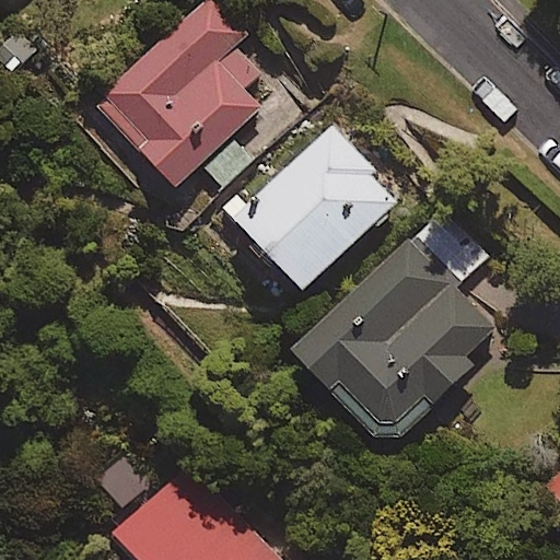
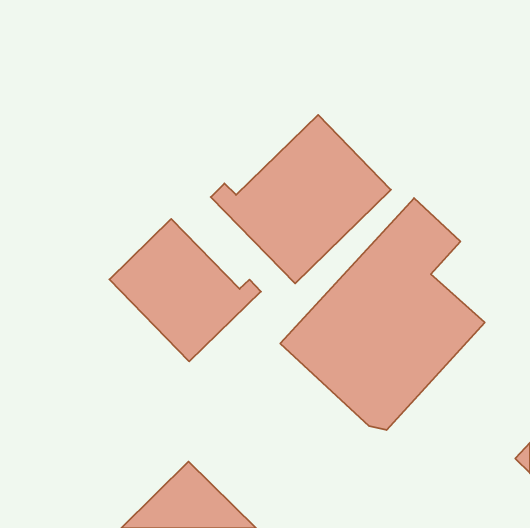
building: [93,4,259,190] -> none
building: none -> [109,219,261,361]

